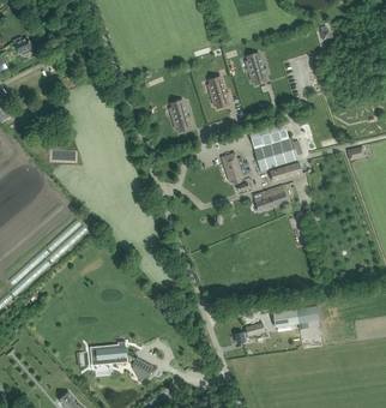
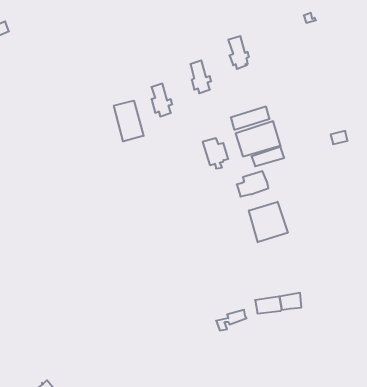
building: none -> [114,101,144,141]
building: none -> [249,202,288,242]
building: [96,341,153,380] -> none

